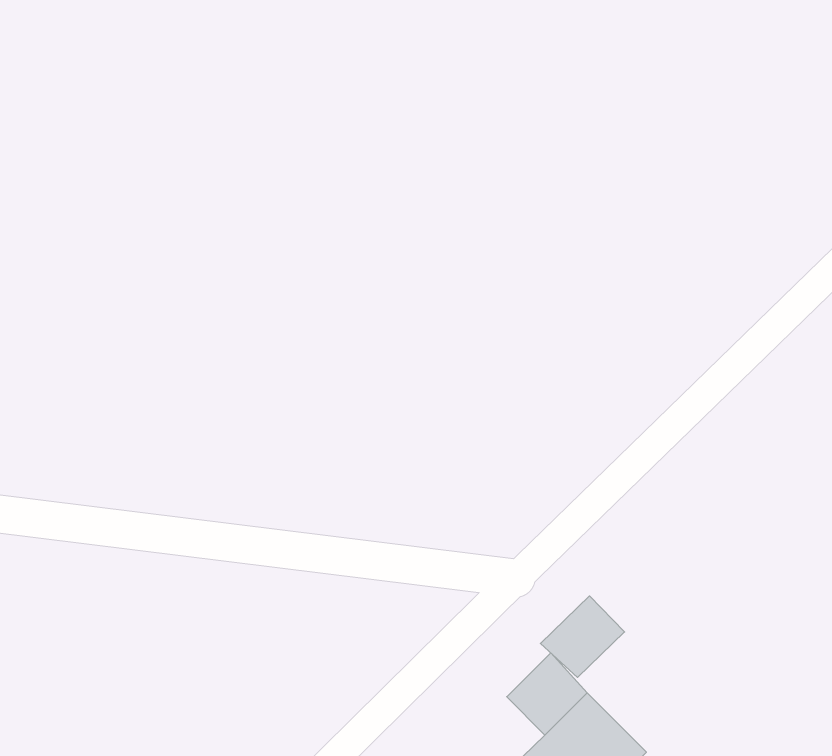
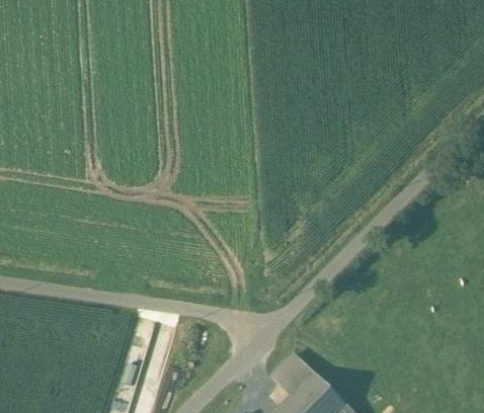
building: [540,596,625,677] -> none

